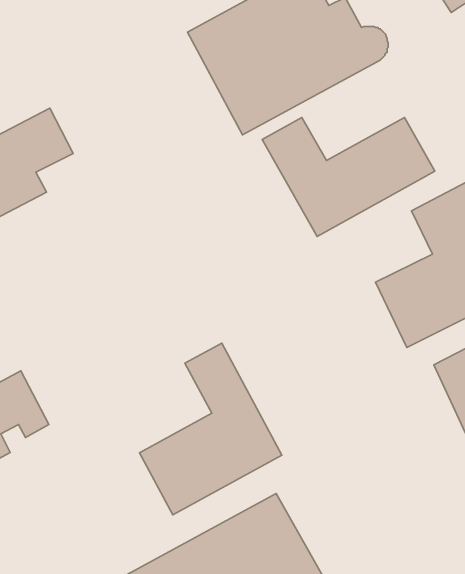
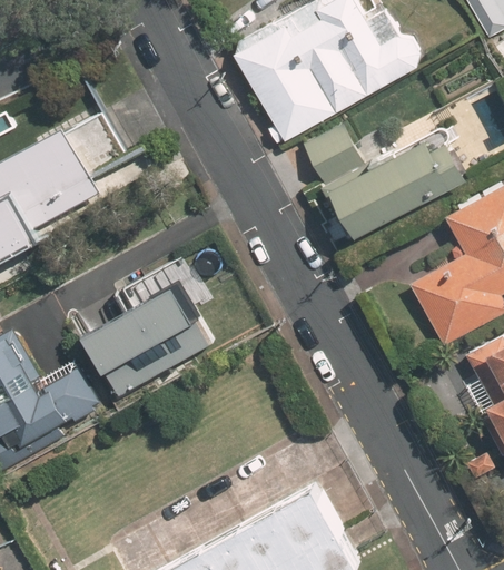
building: none -> [81,283,211,400]
building: [140,343,282,515] -> none

